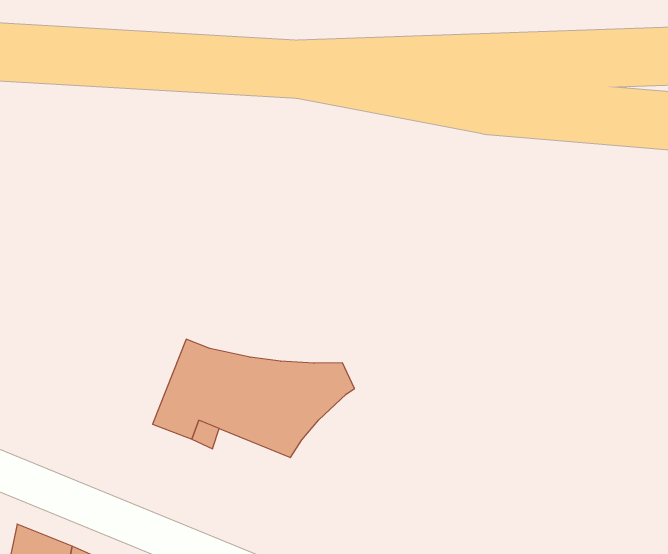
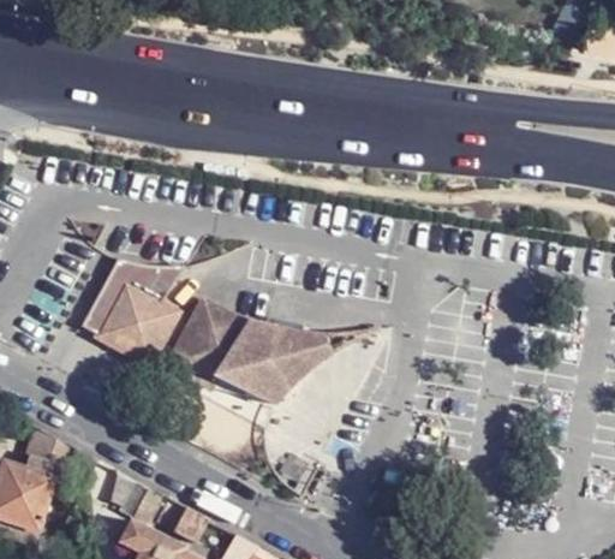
building: none -> [71,260,169,357]

